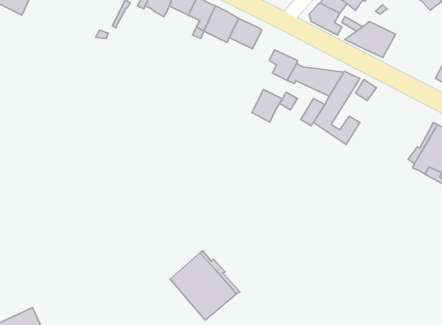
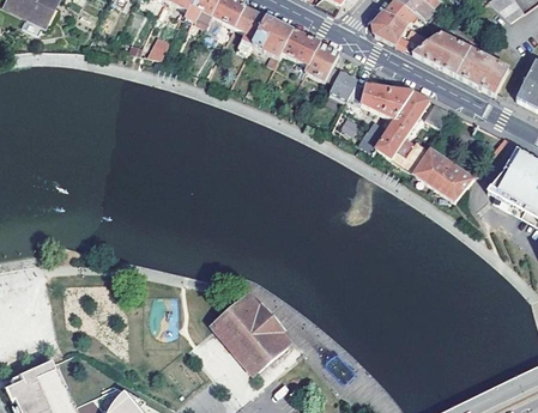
building: none -> [455,47,508,93]
building: [252,89,282,122] -> [304,42,339,79]
building: none -> [413,146,473,200]

